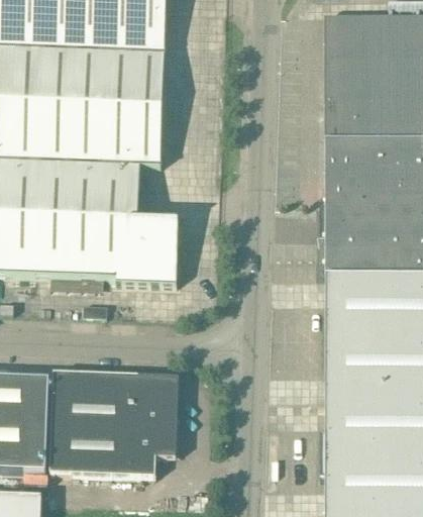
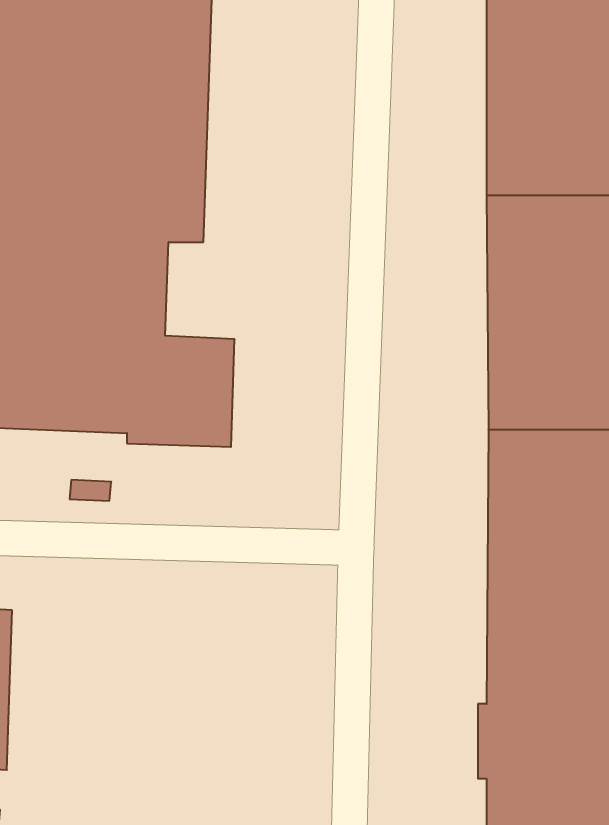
building: [50,370,179,475] -> none

